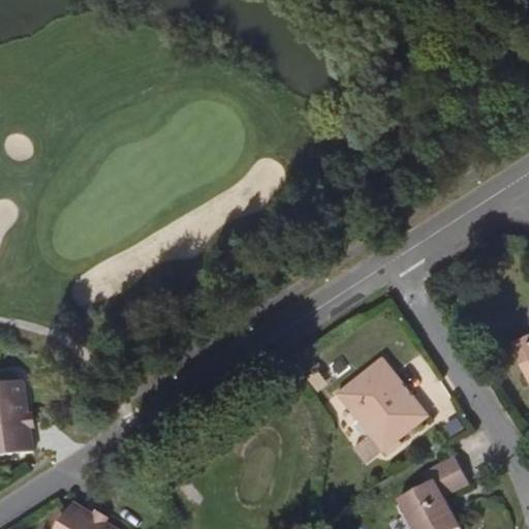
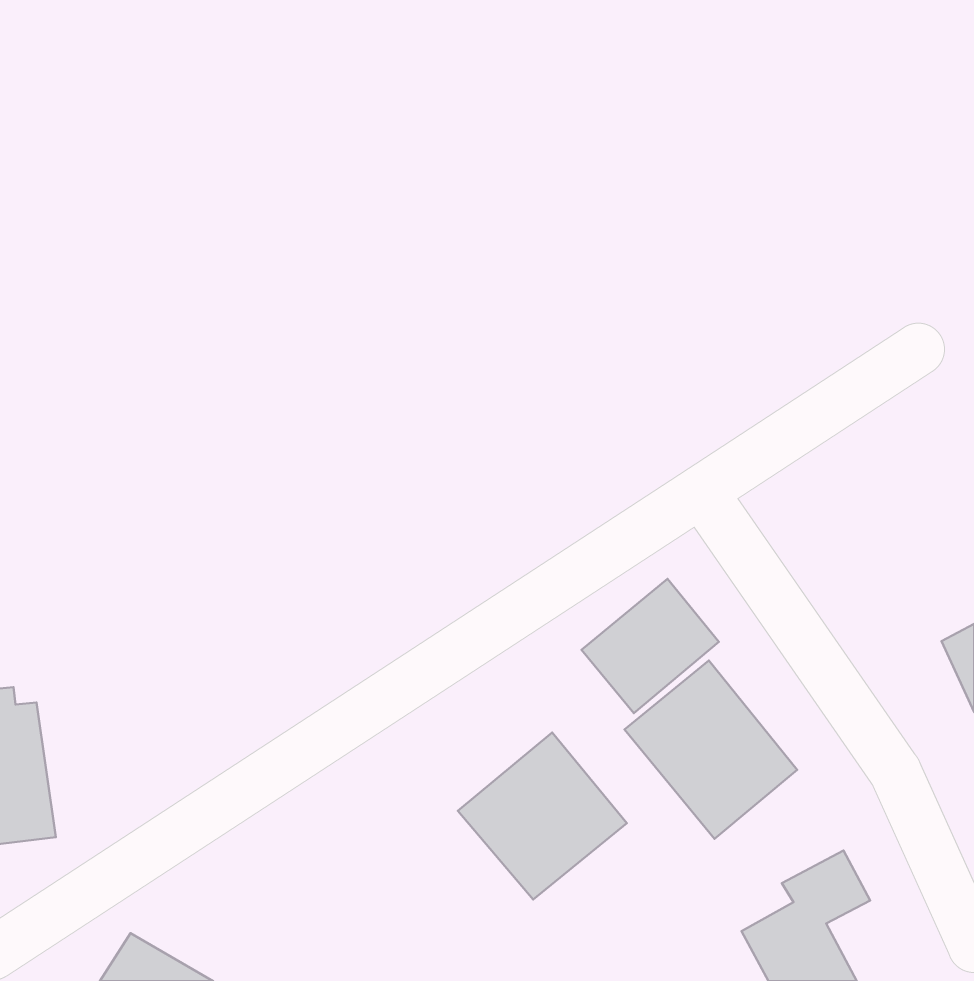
building: none -> [581,579,719,713]
building: none -> [458,733,627,900]

